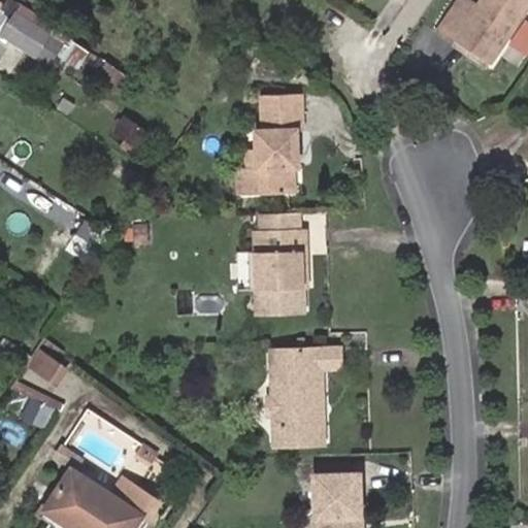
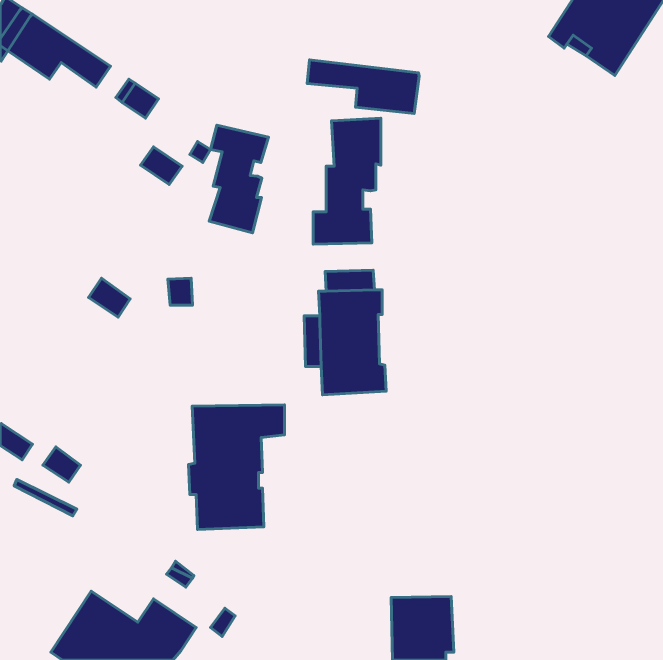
building: none -> [307,60,419,113]
building: none -> [209,125,269,233]
building: [264,348,340,447] -> [188,405,285,530]

